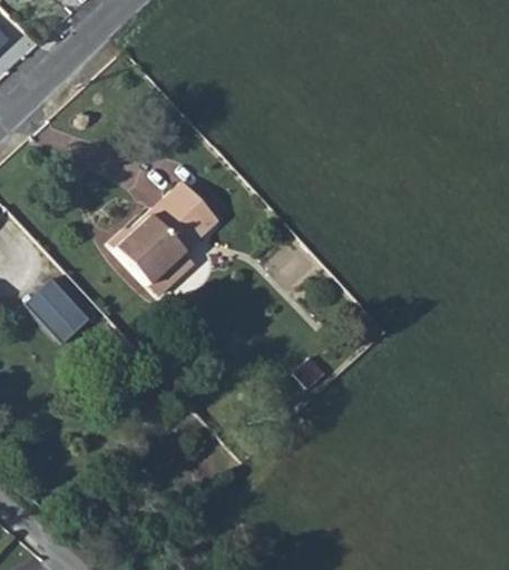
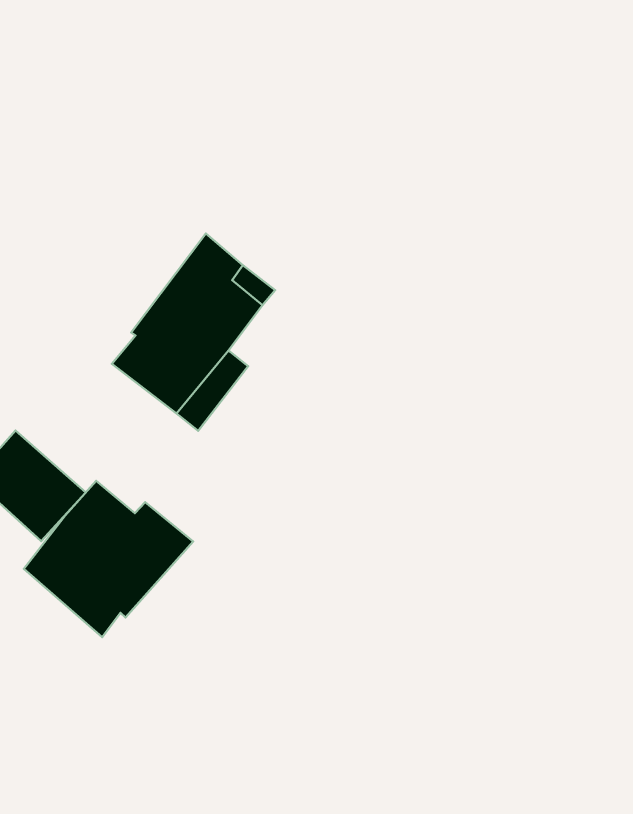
building: none -> [24,481,193,637]

